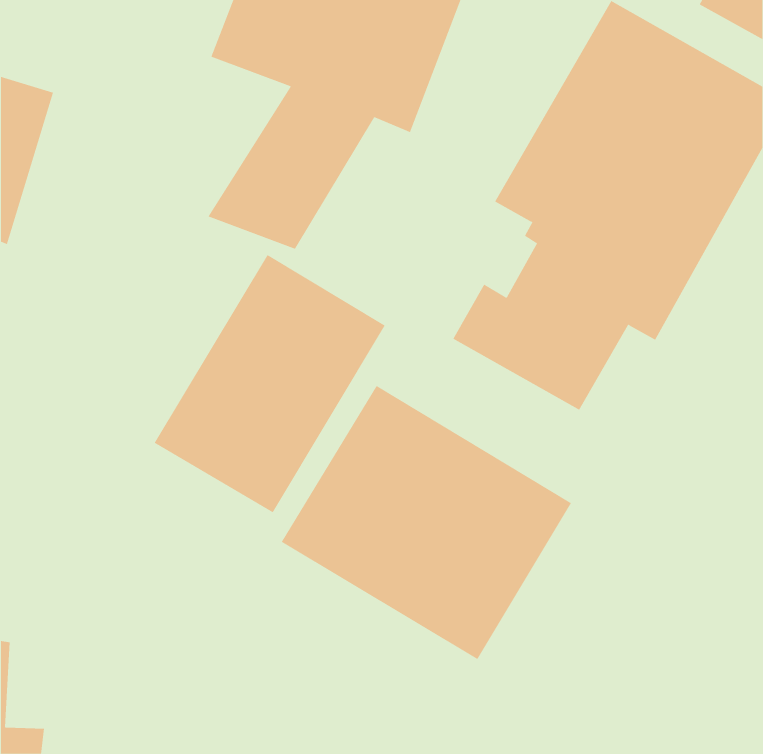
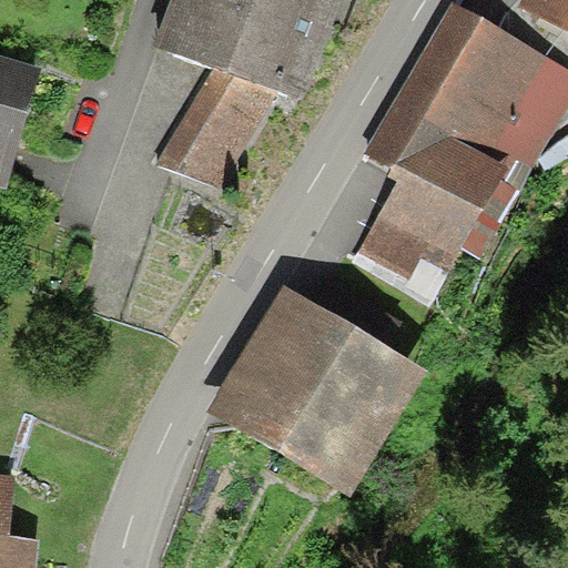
building: [154,254,385,513] -> none

